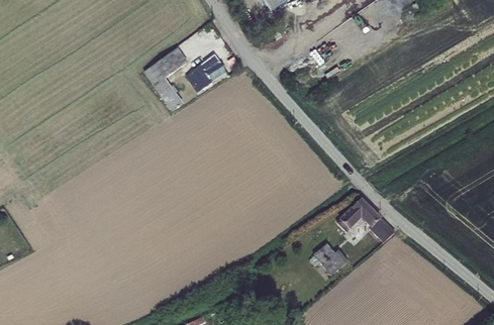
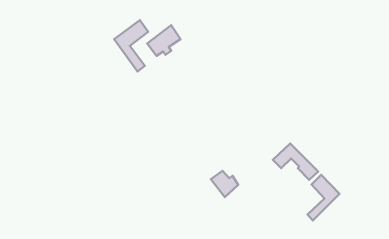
building: none -> [308,175,339,220]
building: [313,242,347,275] -> [211,171,238,197]

